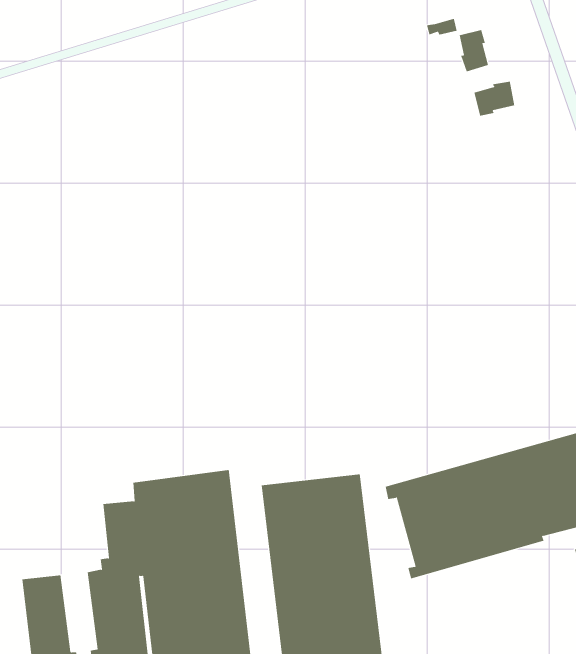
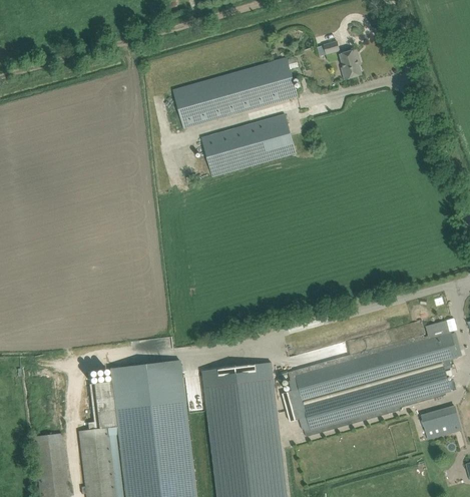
building: none -> [171,57,297,128]
building: [474,81,515,117] -> none
building: none -> [200,113,295,175]

